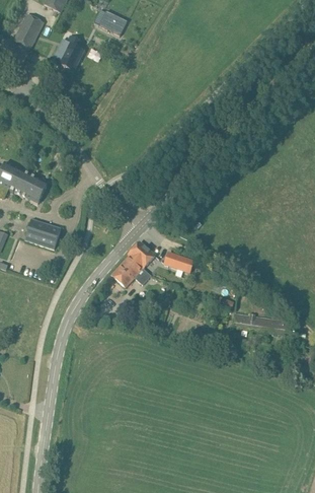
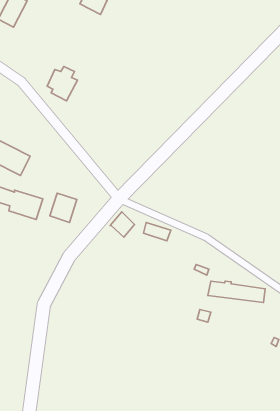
building: [53,34,84,70] -> [47,67,77,101]
building: none -> [50,193,77,222]
building: [112,255,151,287] -> none

